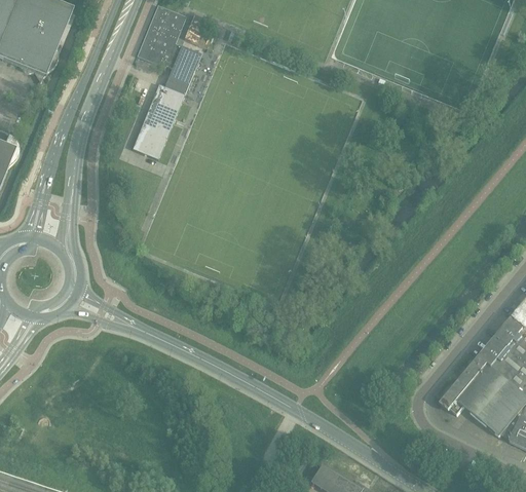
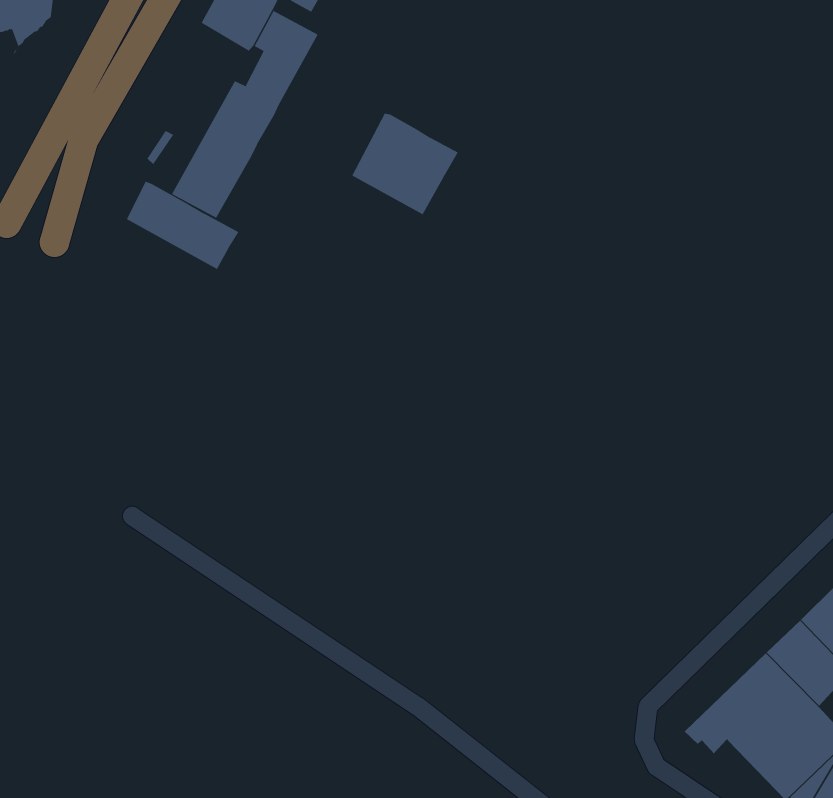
building: none -> [351,113,459,215]
building: none -> [126,181,239,270]

